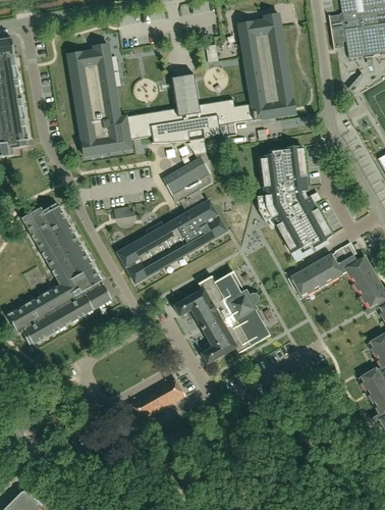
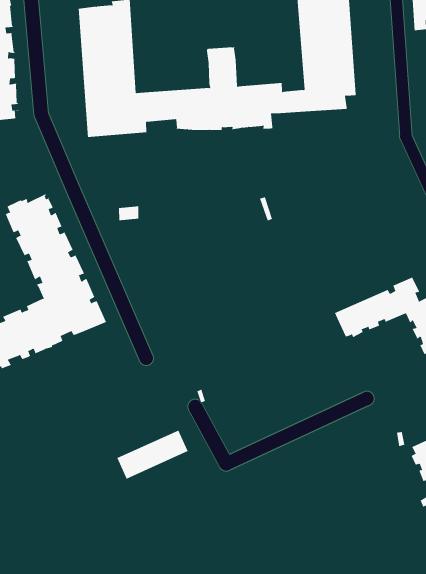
building: [117,137,226,283] -> none
building: [259,146,331,250] -> none
building: [173,271,269,363] -> none

